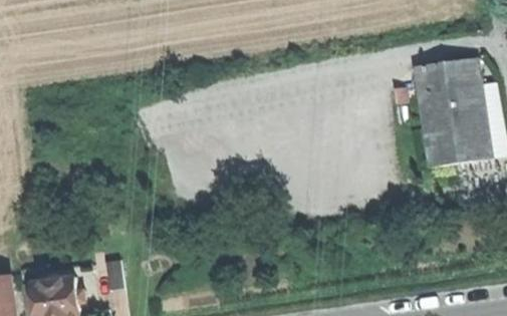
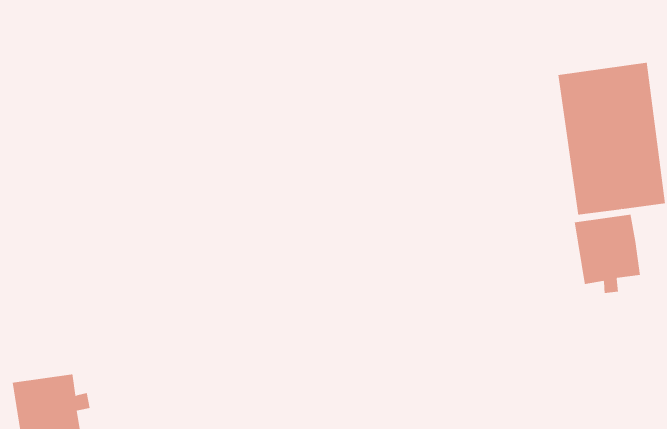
building: none -> [574,214,640,294]

